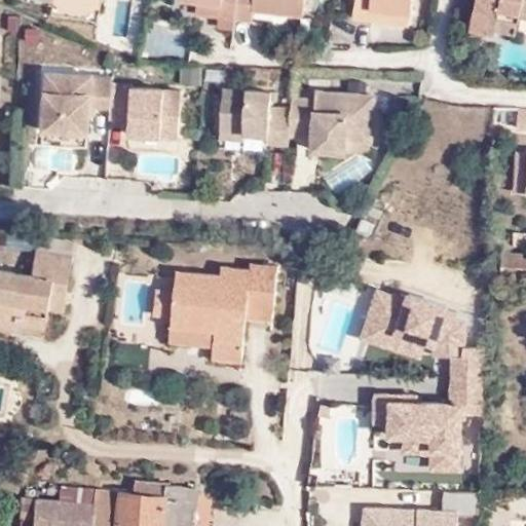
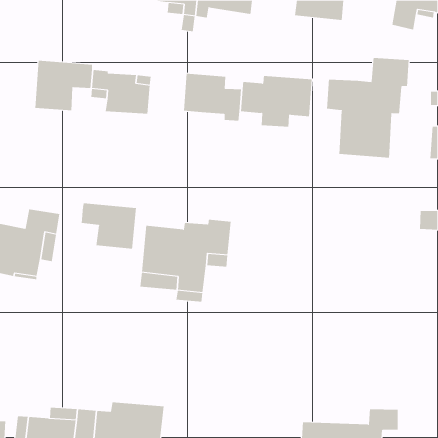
building: none -> [327,57,409,158]
building: none -> [81,203,137,250]
building: [360,290,482,474] -> none

